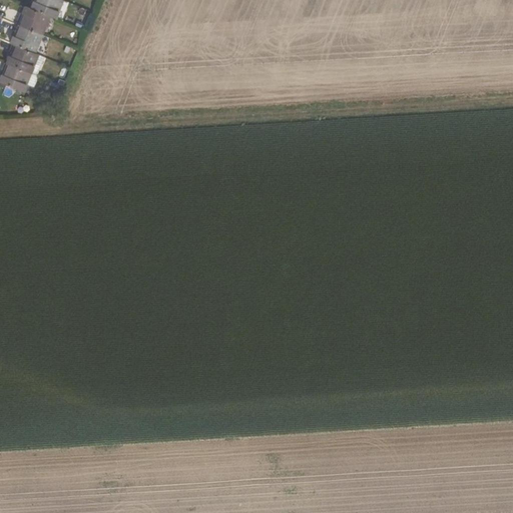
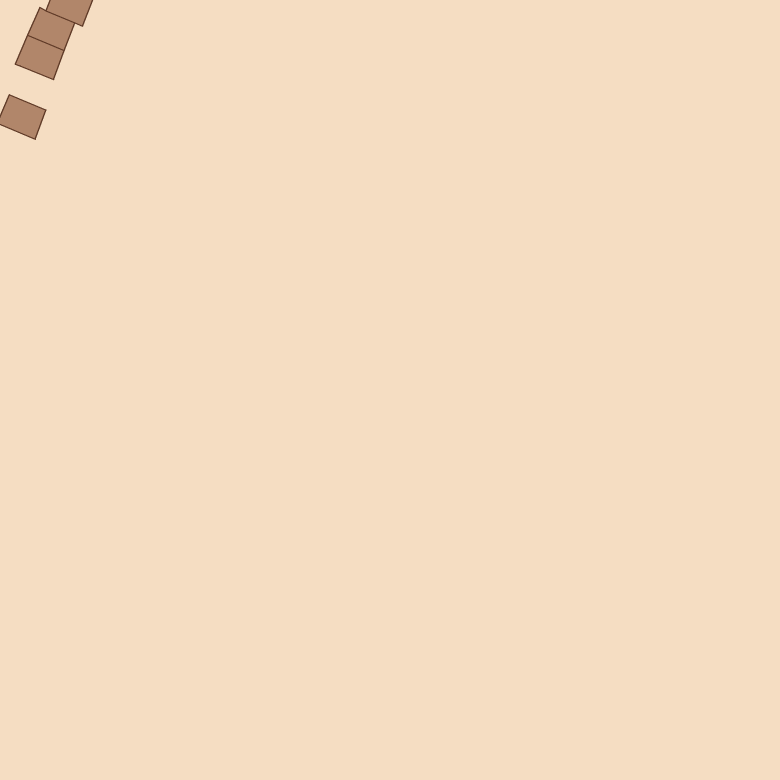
building: [6,43,44,75] -> none

